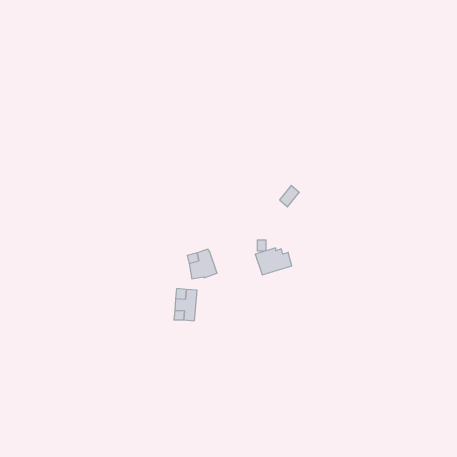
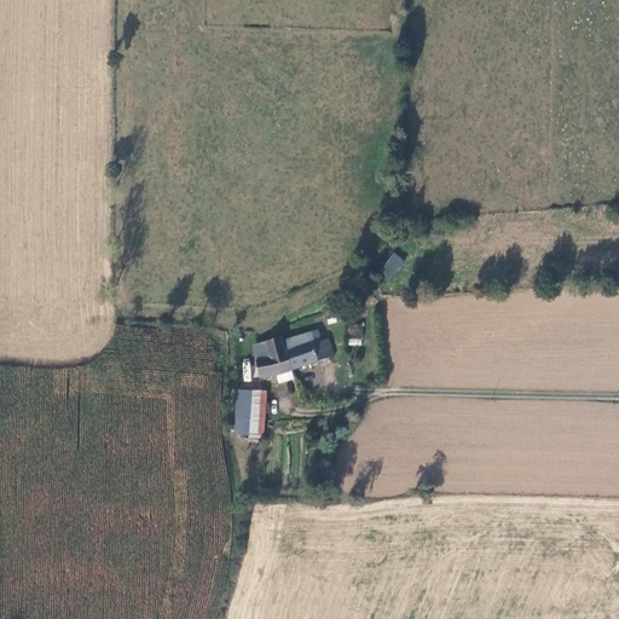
building: [255,248,292,275] -> [283,331,332,368]

